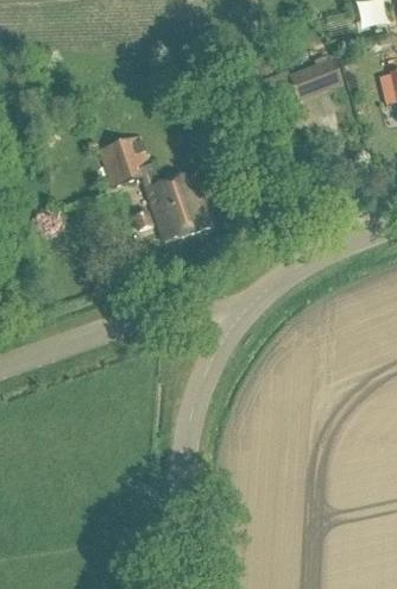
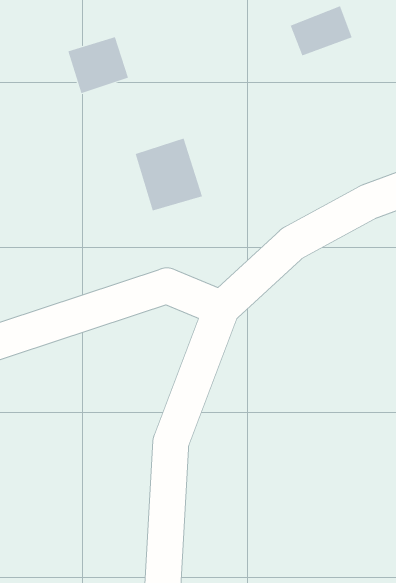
building: [96,133,151,184] -> [68,36,129,94]

